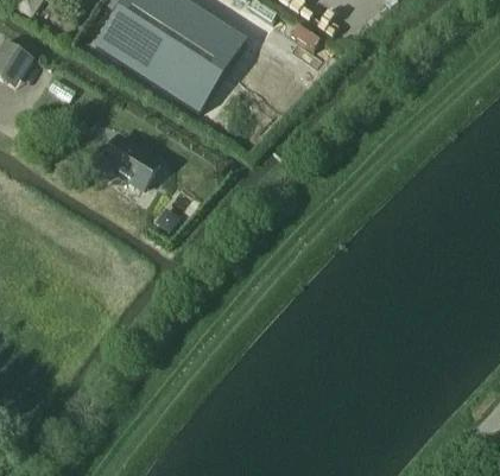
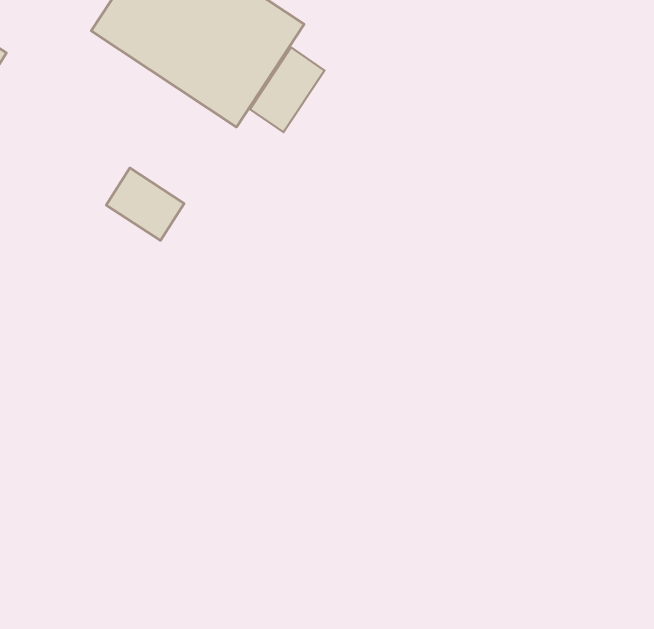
building: none -> [250,47,325,132]

